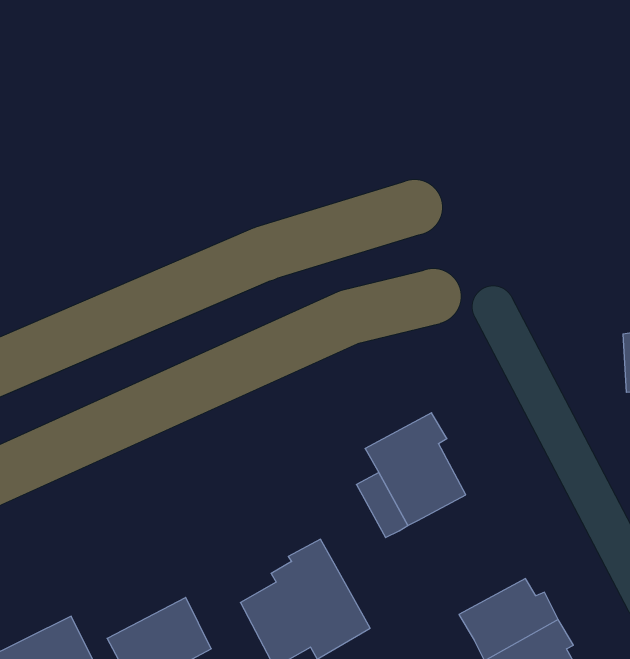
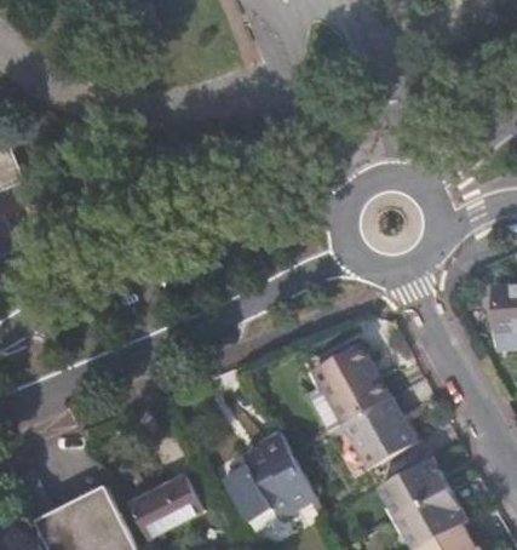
building: none -> [349,397,413,465]

